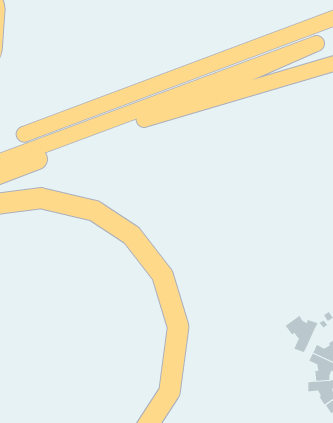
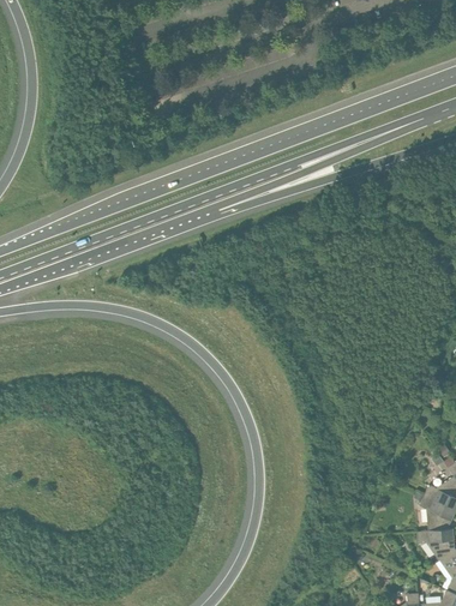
building: [285,315,318,353] -> none

